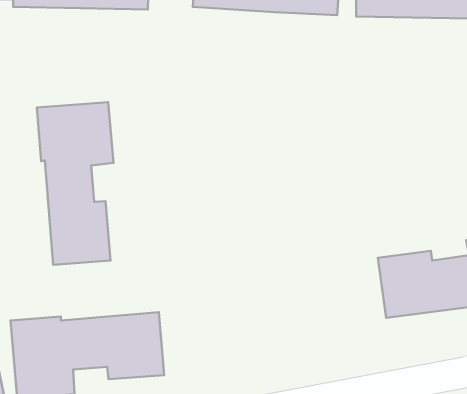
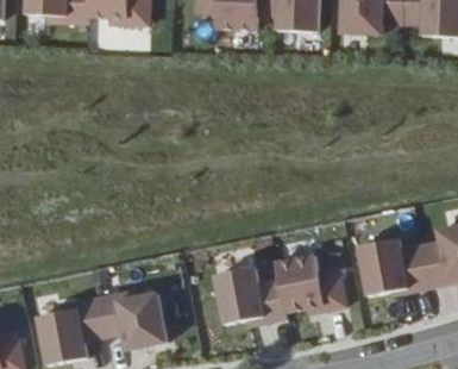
building: [37,102,113,265] -> none
building: none -> [208,252,347,327]

